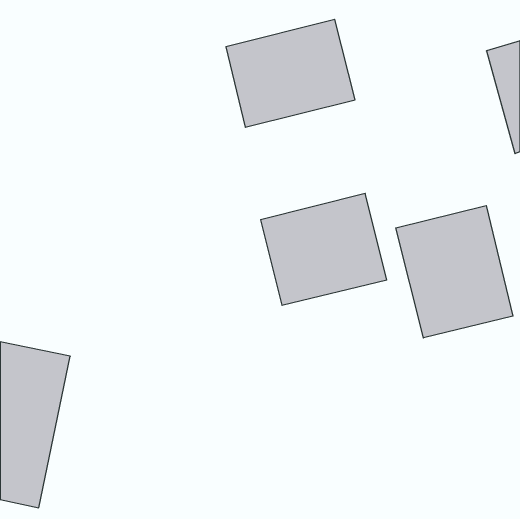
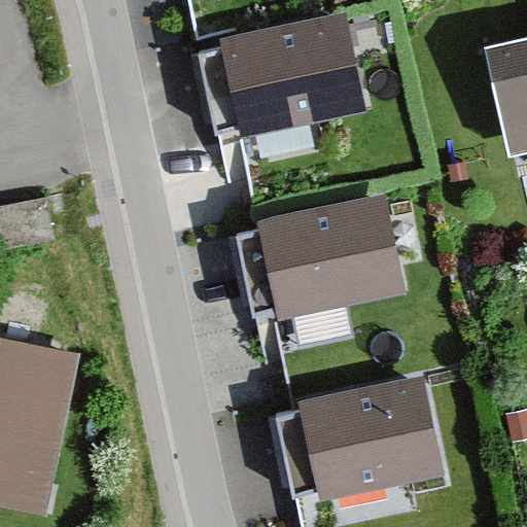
building: [396,206,513,338] -> none
building: none -> [308,384,434,492]

